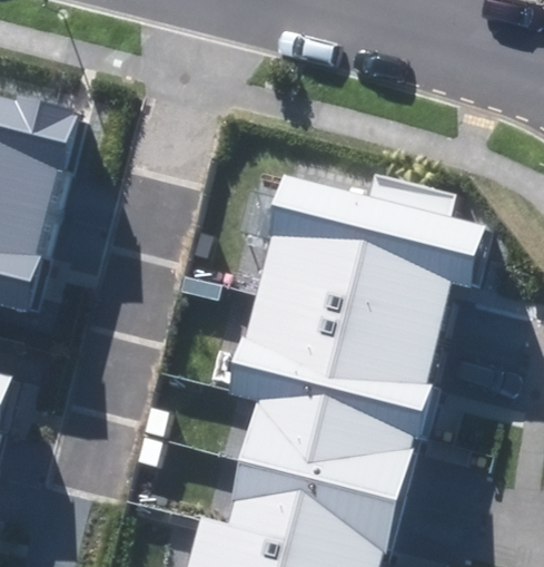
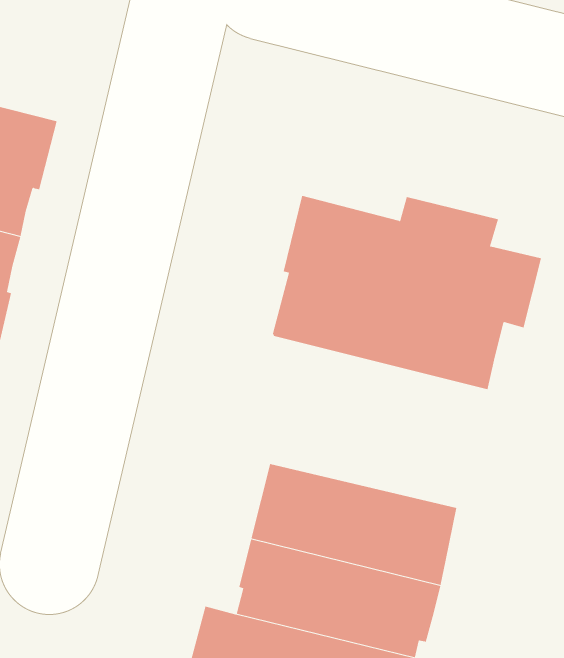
building: [233,291,439,437] -> none

